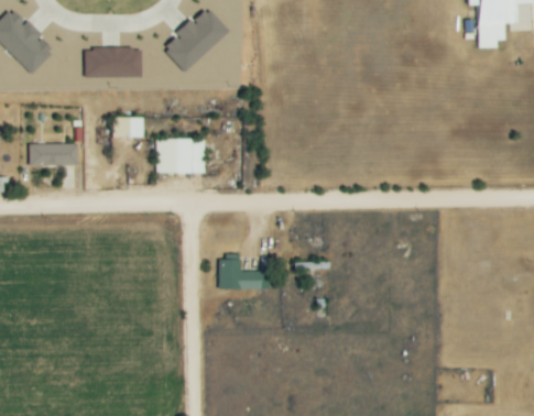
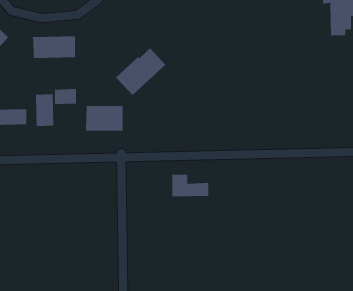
building: [162,8,229,72] -> [115,47,166,96]
building: none -> [35,94,54,127]
building: [219,260,269,289] -> [171,174,209,197]

